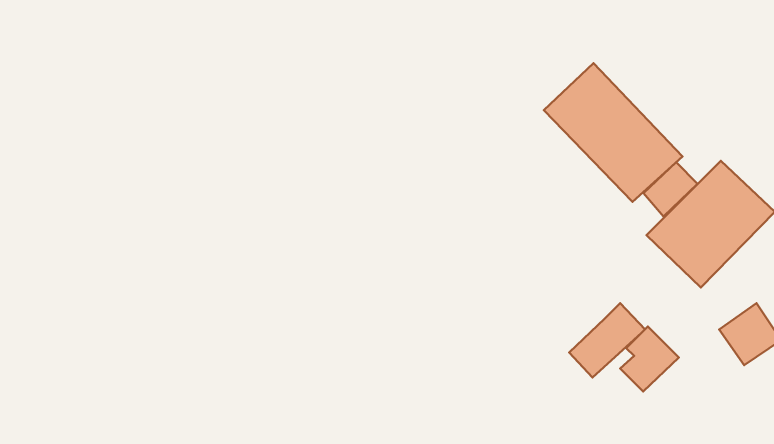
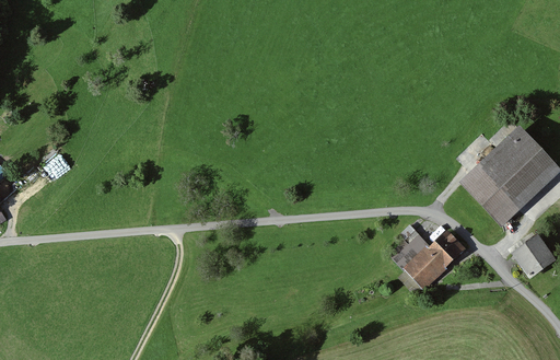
building: [544,63,682,202] -> none
building: [620,327,679,392] -> [393,224,434,270]

